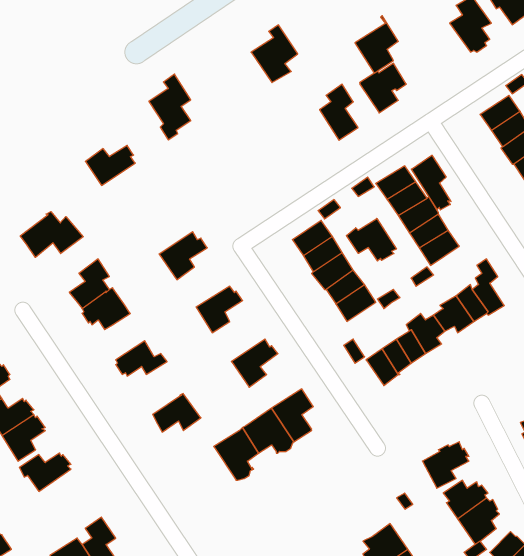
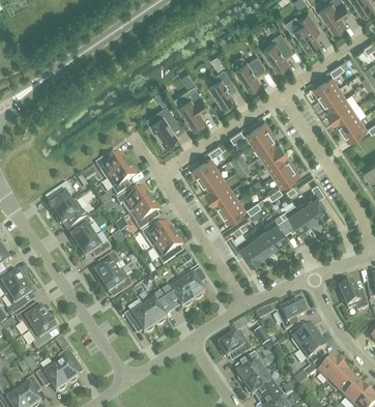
building: [355,16,398,73] -> [263,32,291,69]
building: [251,25,298,83] -> [178,88,208,125]
building: [149,74,191,140] -> [150,106,177,148]
building: [85,145,135,185] -> [95,153,127,179]
building: [411,155,451,210] -> none
building: [20,212,83,257] -> none
building: [346,218,396,261] -> none
building: none -> [116,187,151,213]
building: none -> [70,217,96,248]
building: none -> [142,223,174,249]
building: none -> [94,252,120,283]
building: none -> [124,303,155,333]
building: none -> [28,318,56,349]
building: none -> [218,330,252,357]

